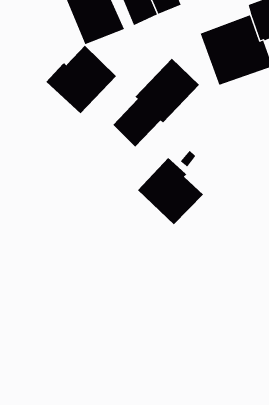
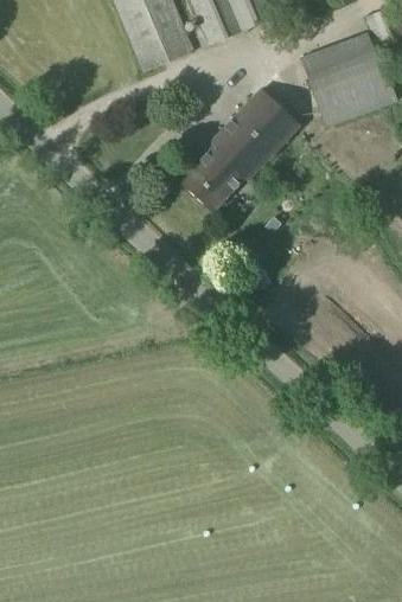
building: [46,45,117,114] -> none
building: [137,157,204,225] -> none

